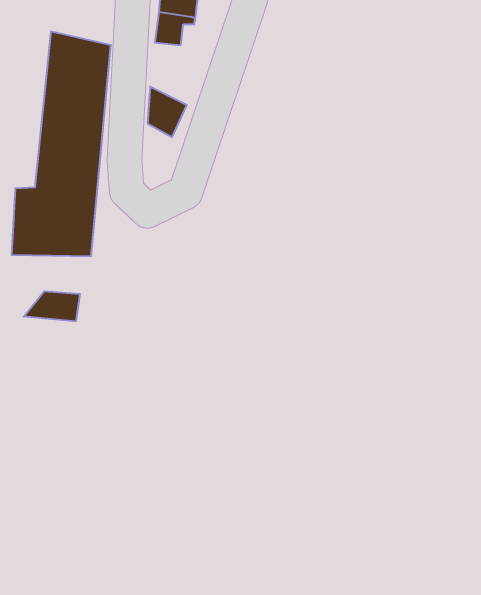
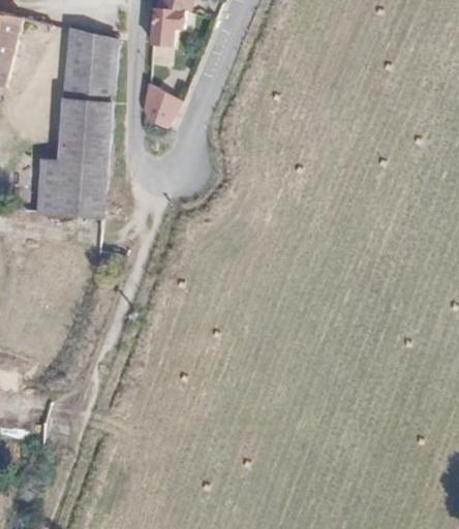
building: [24,291,80,321] -> none

